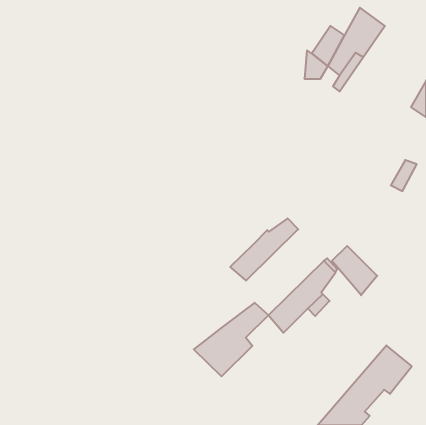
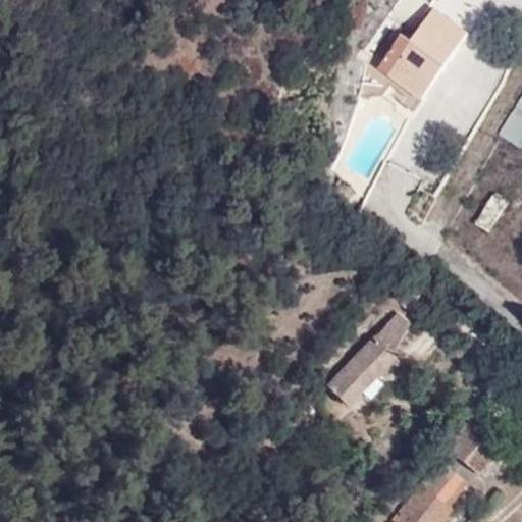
building: [230,218,298,281] -> none
building: [332,246,377,295] -> none
building: [194,303,268,376] -> none

